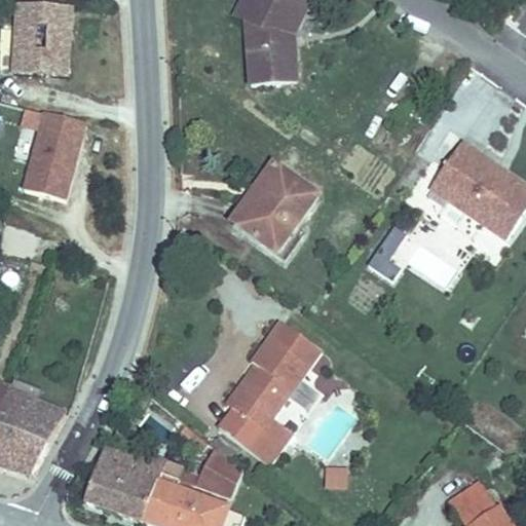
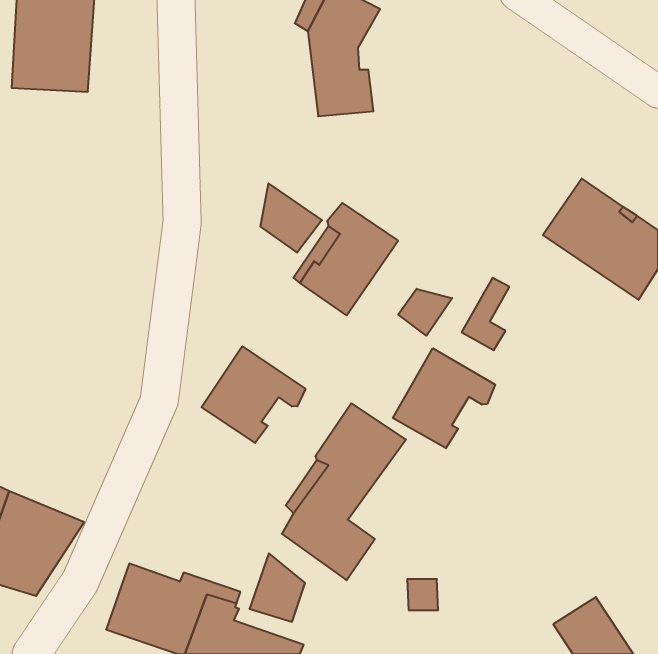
building: [24,106,85,197] -> none
building: none -> [260,183,322,253]
building: none -> [398,289,452,336]
building: none -> [202,346,305,443]
building: none -> [393,348,495,448]

